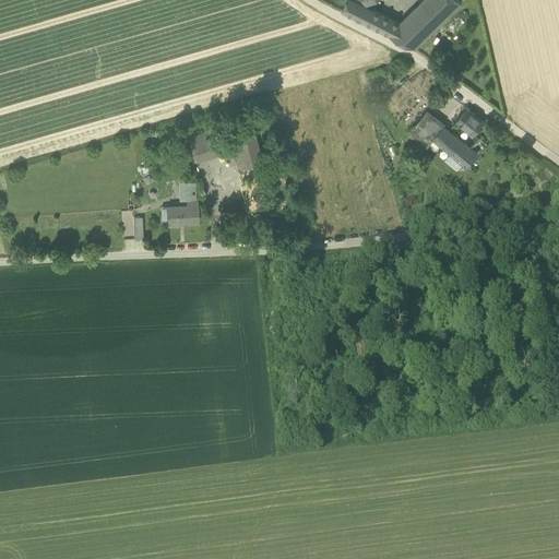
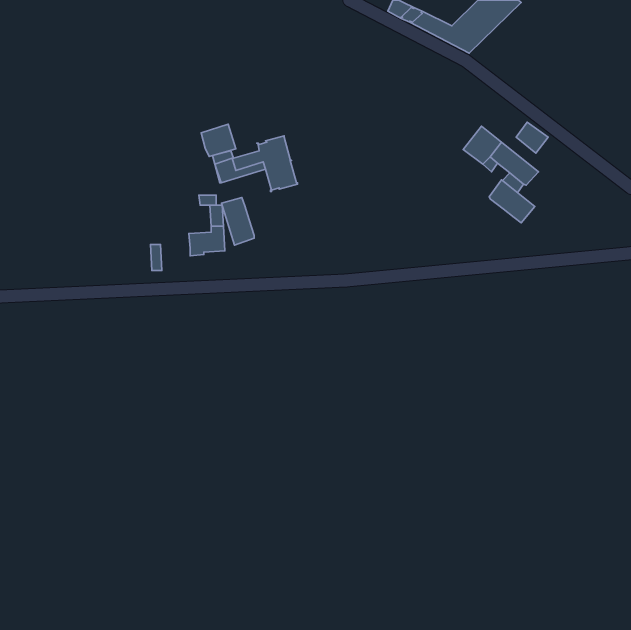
building: none -> [201,124,236,157]
building: none -> [489,180,535,223]
building: none -> [222,197,254,245]

